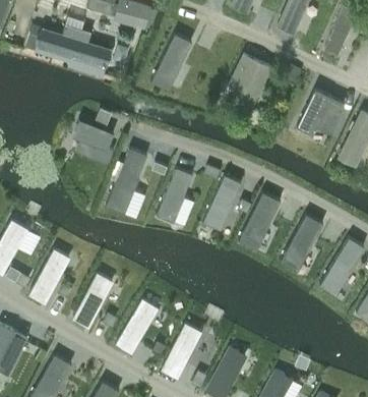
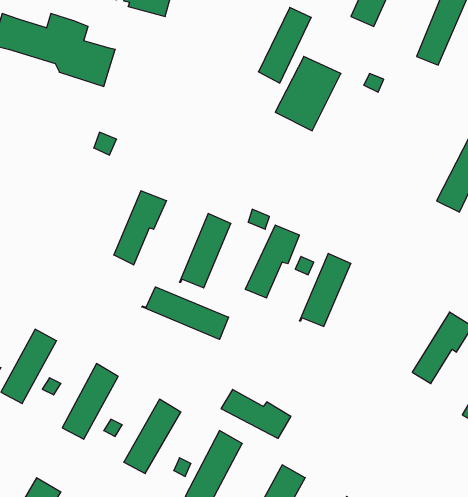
building: [154,36,191,90] -> [258,7,311,83]
building: [299,92,347,137] -> none
building: [76,120,115,166] -> none
building: [283,215,324,267] -> none
building: none -> [142,287,229,339]
building: none -> [221,389,291,438]

